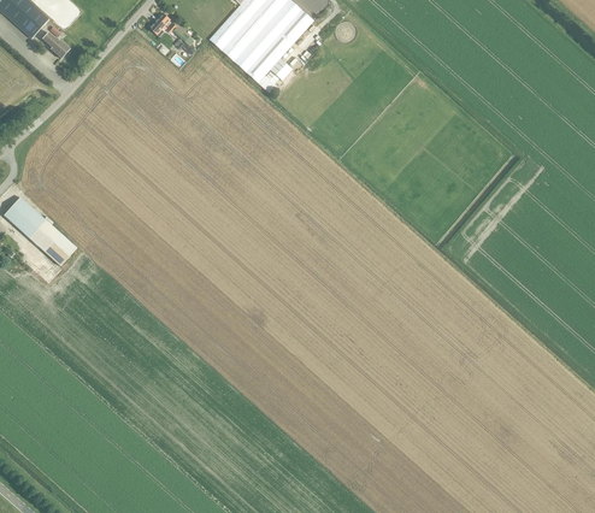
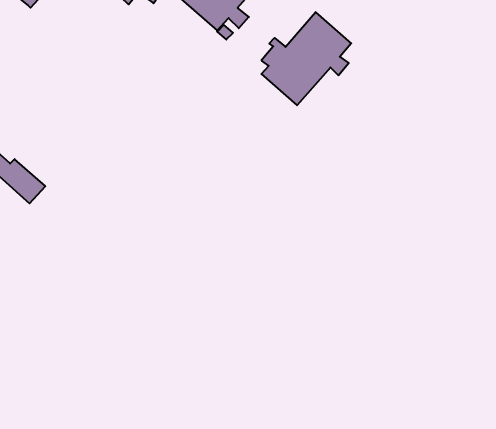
building: none -> [261,12,351,105]

